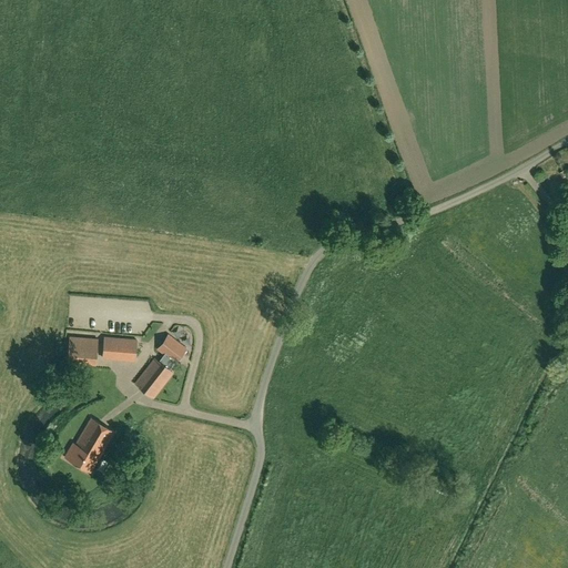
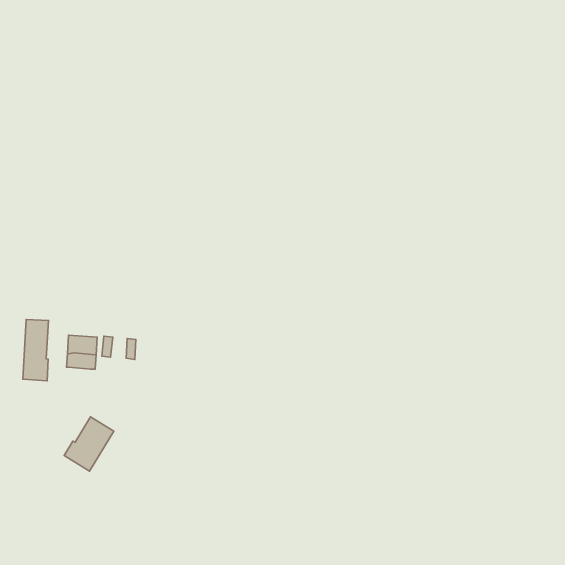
building: none -> [23,319,49,381]
building: [135,336,185,397] -> none

